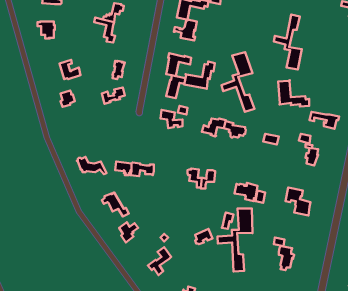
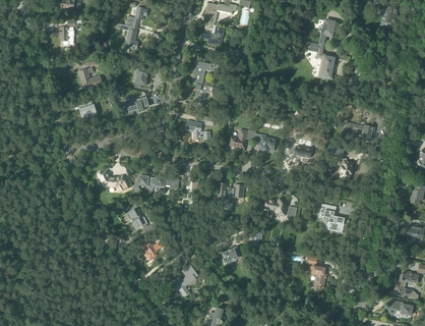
building: [221,52,254,112] -> none
building: [184,62,215,89] -> none
building: [278,80,309,107] -> none
building: [218,209,253,272] -> none

